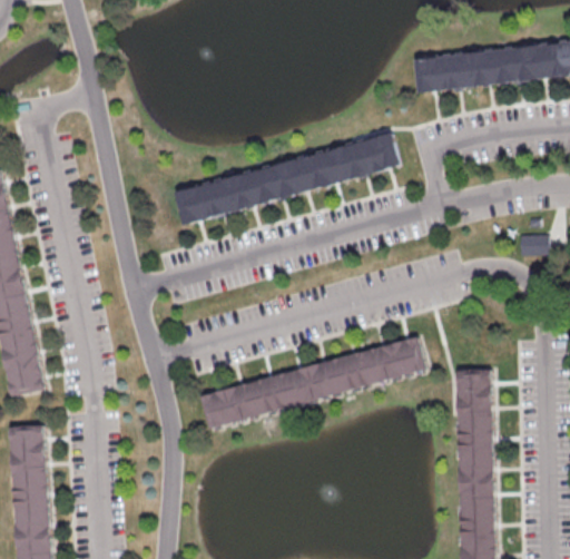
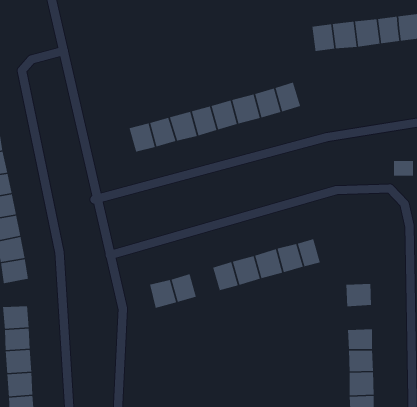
building: [456,369,490,395] -> none
building: [254,373,292,412] -> none
building: [458,423,492,454] -> none

